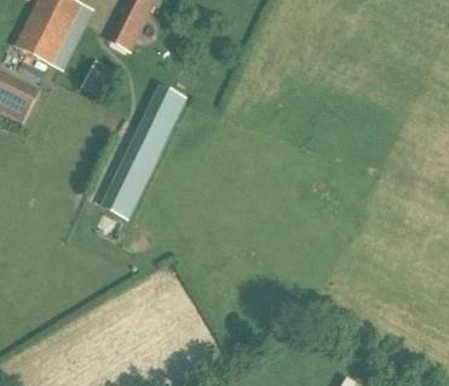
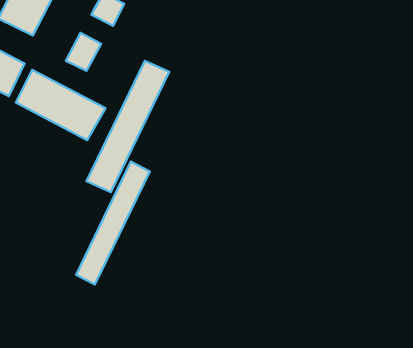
building: none -> [16,70,105,140]
building: none -> [76,161,150,285]

